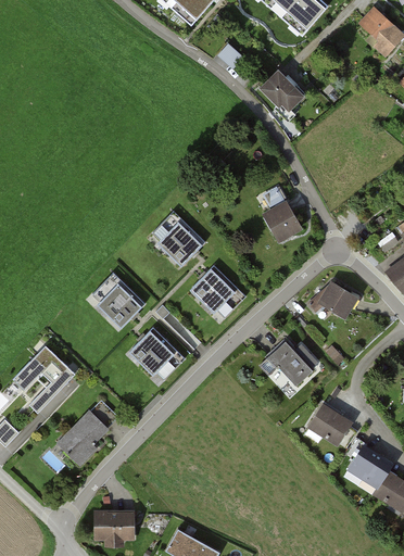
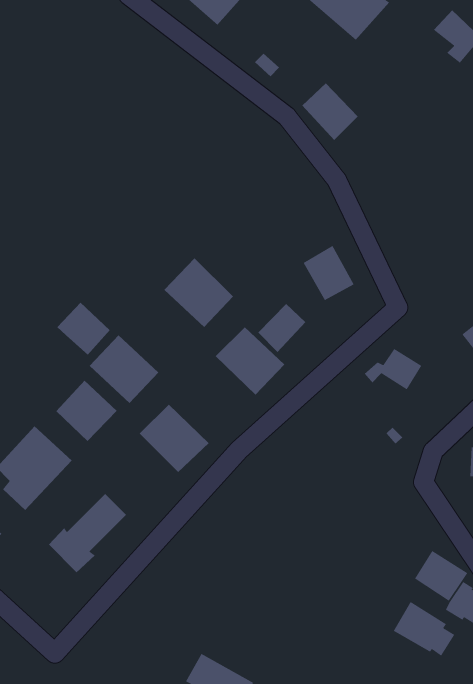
building: none -> [57,302,110,356]
building: none -> [258,303,306,353]
building: none -> [56,380,118,442]
building: [260,341,316,386] -> none
building: [307,404,357,448] -> [393,601,455,657]
building: [94,511,135,541] -> none

